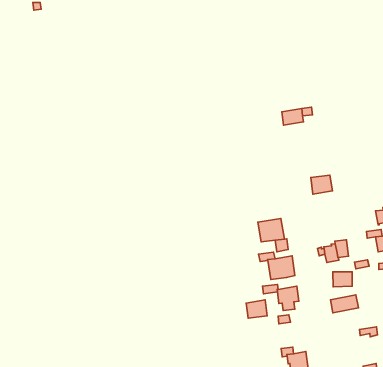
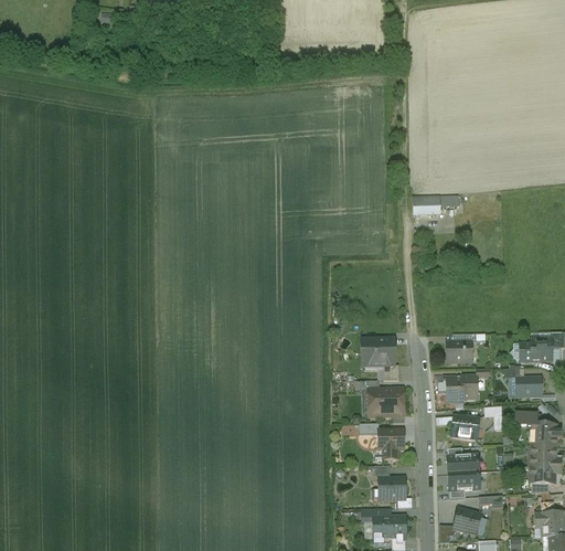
building: [311,175,333,194] -> [446,341,472,363]
building: [246,300,267,318] -> [379,478,404,499]
building: none -> [447,468,482,491]
building: none -> [454,509,480,534]

